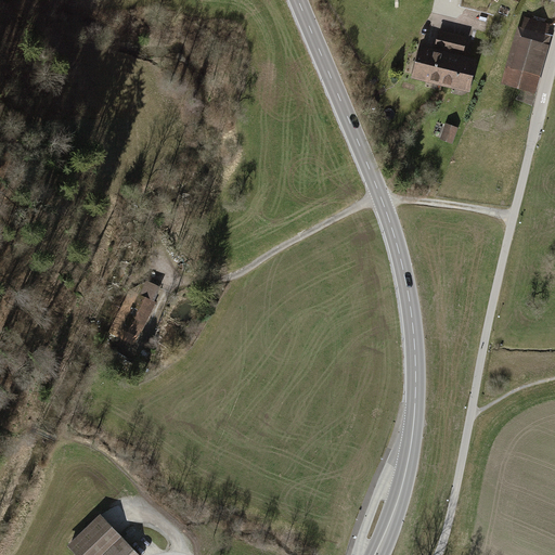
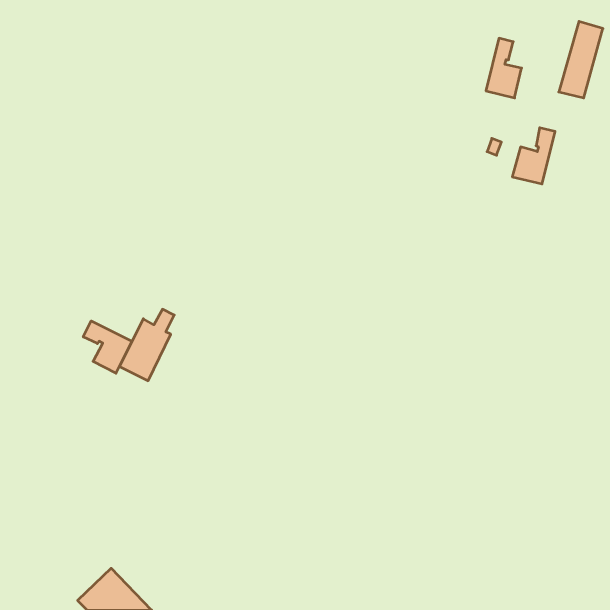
building: [414,31,453,82] -> [512,128,555,184]
building: none -> [83,321,132,373]

